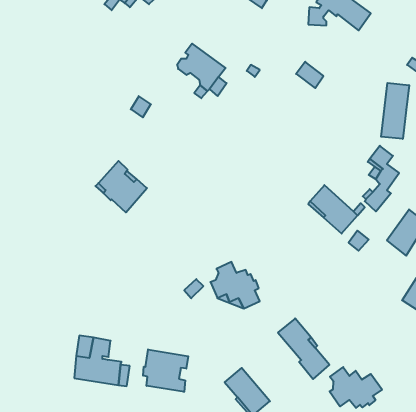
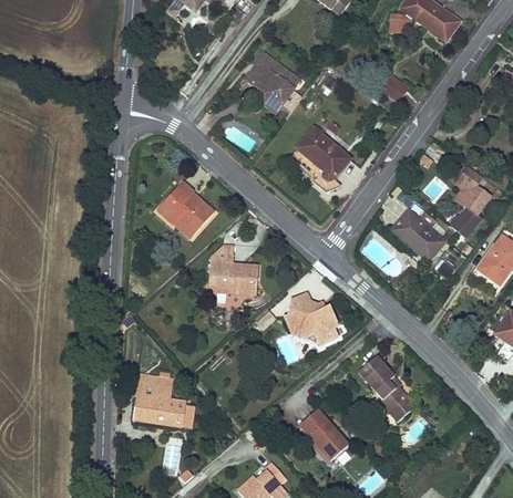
building: [381,83,409,139] -> none
building: none -> [297,127,350,180]
building: none -> [208,243,258,293]
building: [143,349,188,392] -> none
building: [330,367,382,408] -> none

